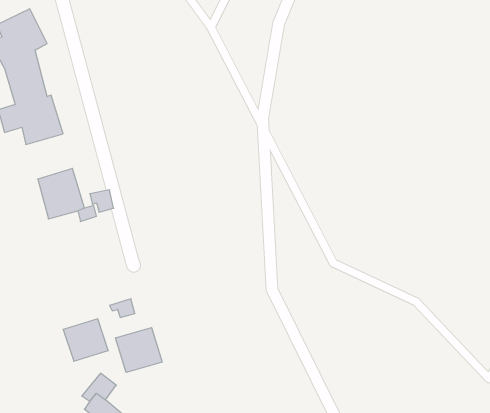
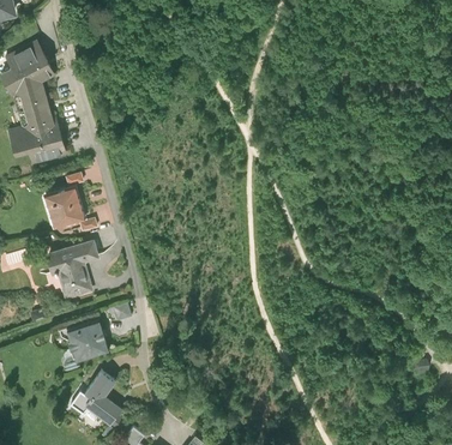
building: none -> [44,241,97,300]
building: [116,328,162,372] -> none

